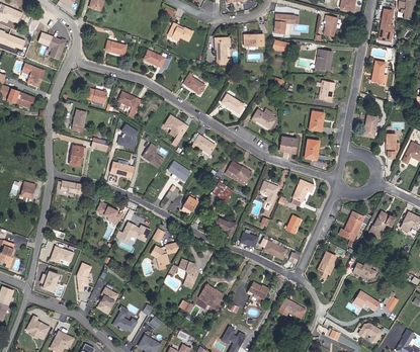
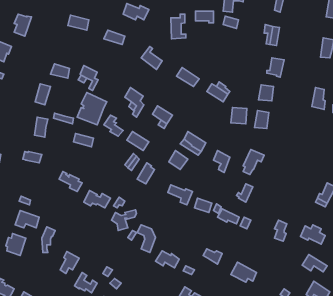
building: [344,210,373,247] -> none

